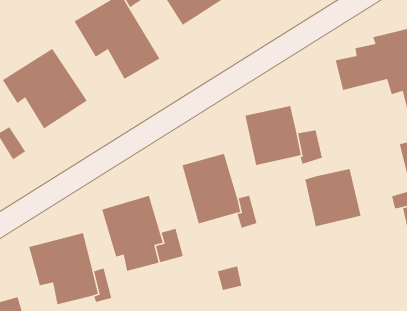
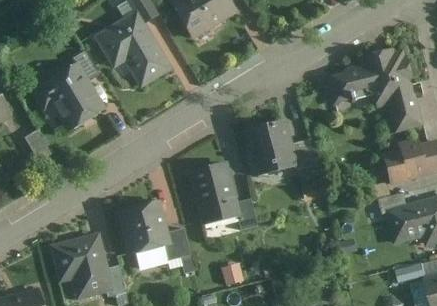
building: [304,168,361,227] -> none

